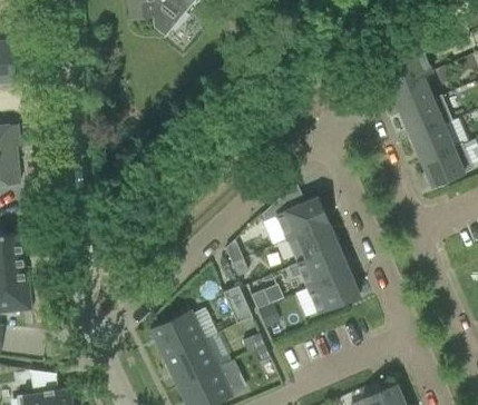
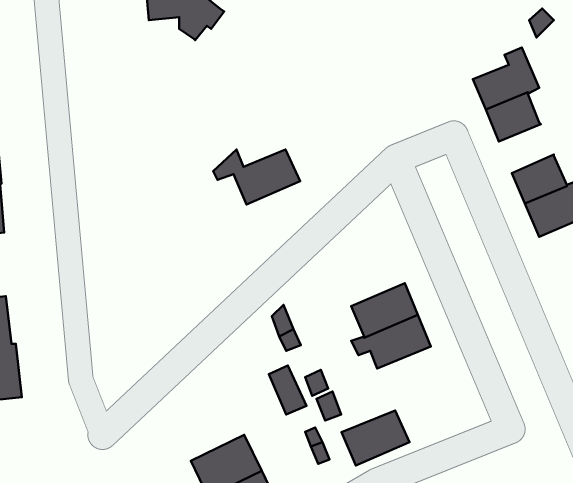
building: [401,95,452,137] -> none
building: [262,197,329,239] -> [213,149,300,204]
building: [308,270,360,313] -> [342,411,409,465]
building: [149,309,205,358] -> none

